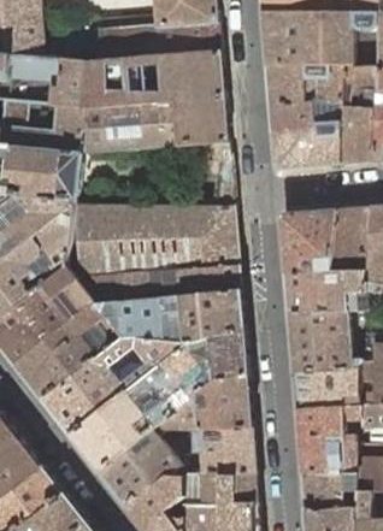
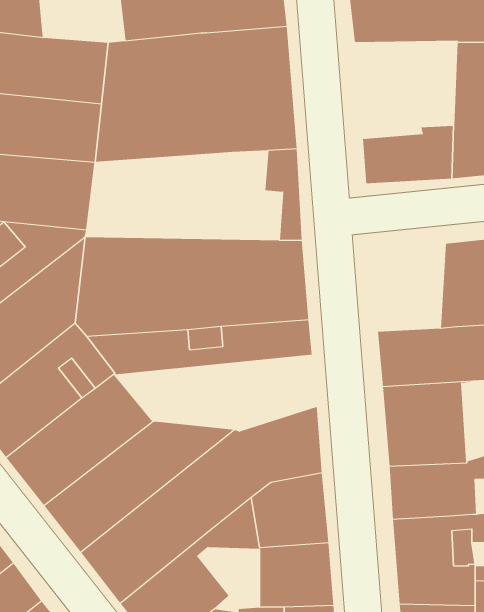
building: [267,64,342,135] -> none
building: [282,211,334,275] -> none
building: [94,291,241,347] -> none

